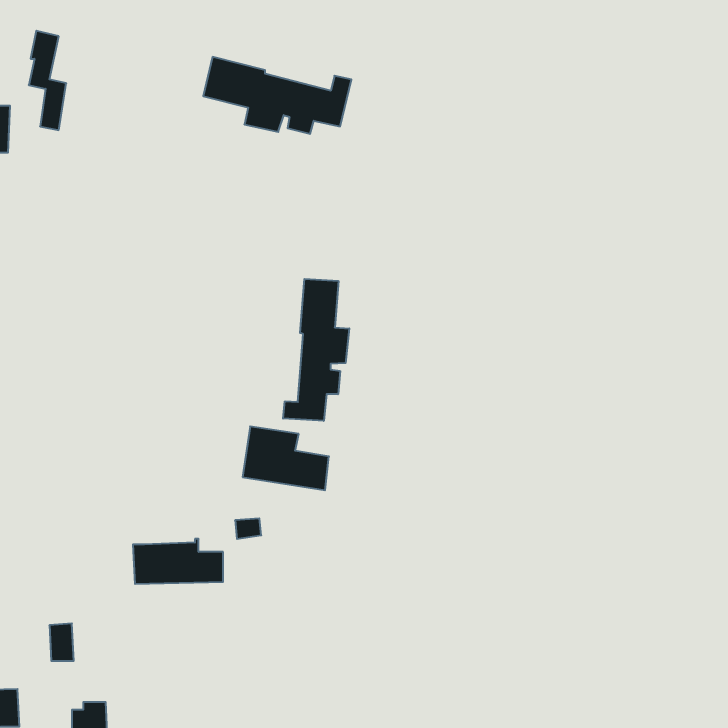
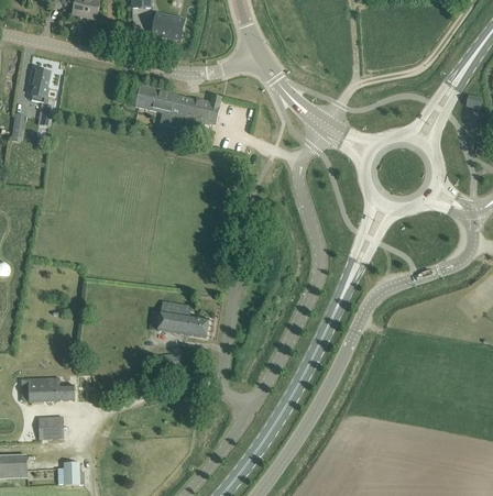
building: [283,279,349,421] -> none
building: [133,539,223,584] -> [21,375,74,401]

